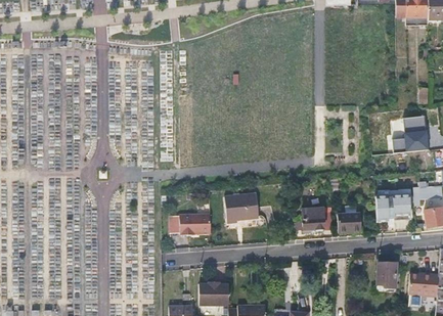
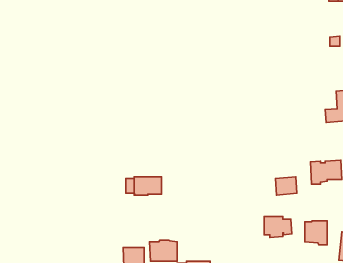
building: [225,195,258,225] -> none
building: [302,211,333,234] -> [264,216,292,238]

